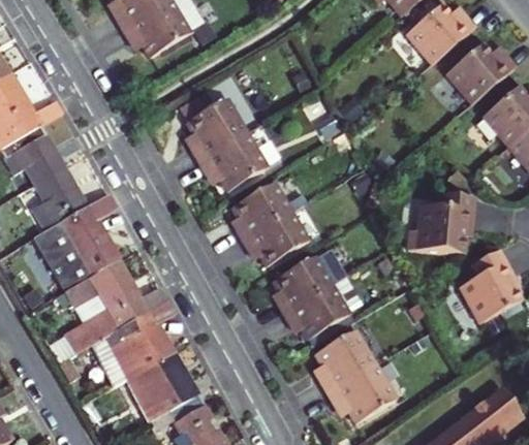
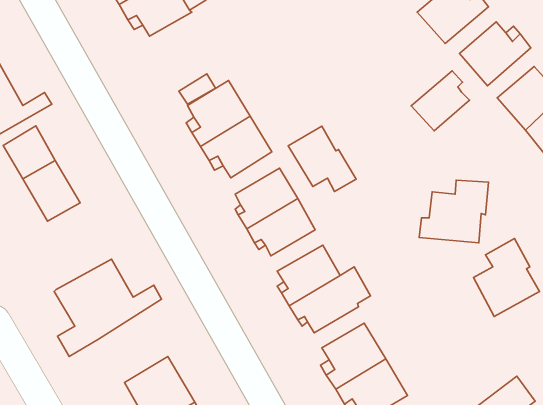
building: none -> [411,71,469,131]
building: none -> [288,126,356,192]
building: [33,202,116,297] -> none
building: [103,307,172,386] -> none

